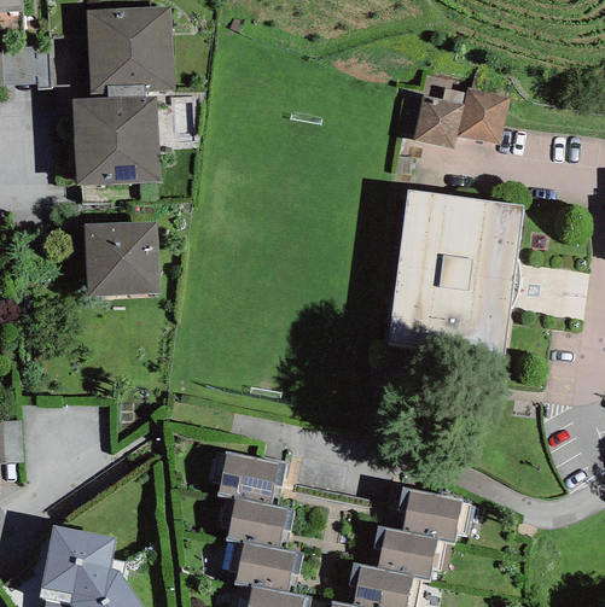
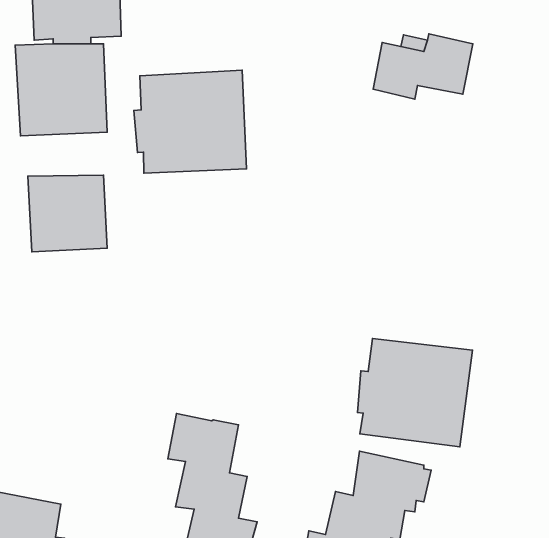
building: none -> [134,70,247,173]
building: [386,189,525,360] -> none
building: none -> [357,338,473,447]

